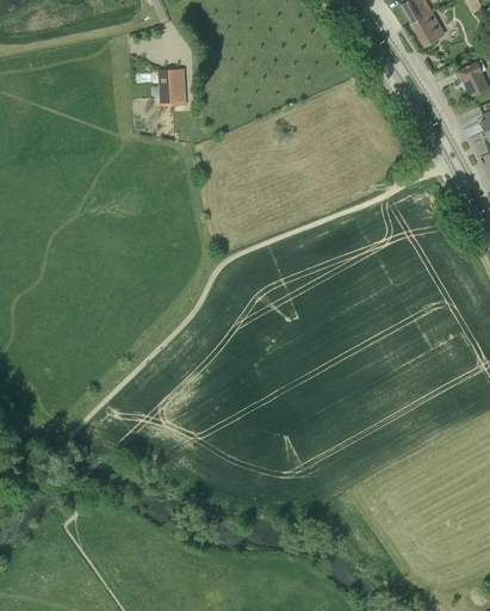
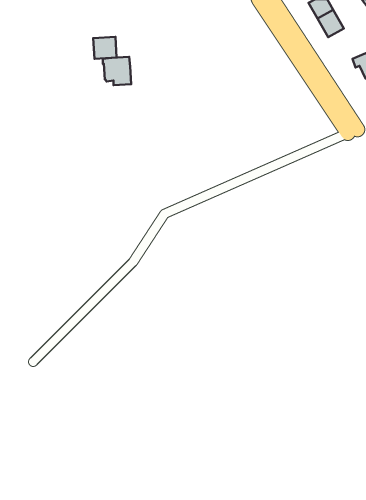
building: none -> [93,37,116,59]

